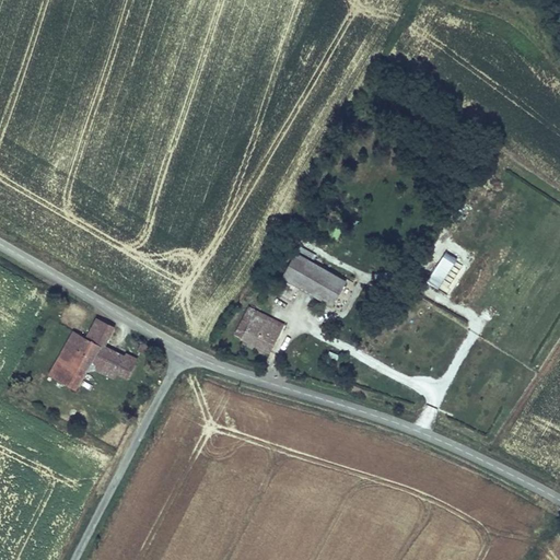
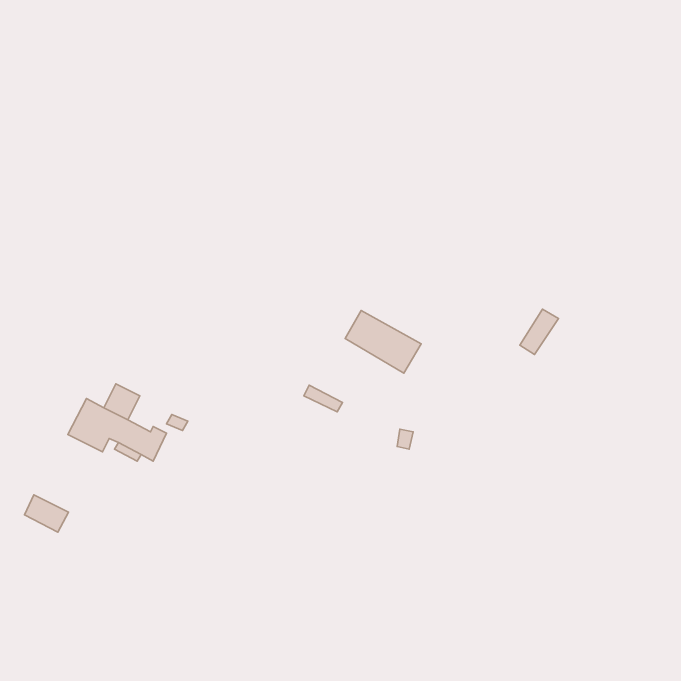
building: [235,320,277,352] -> none
building: [48,357,84,387] -> [24,495,68,532]

